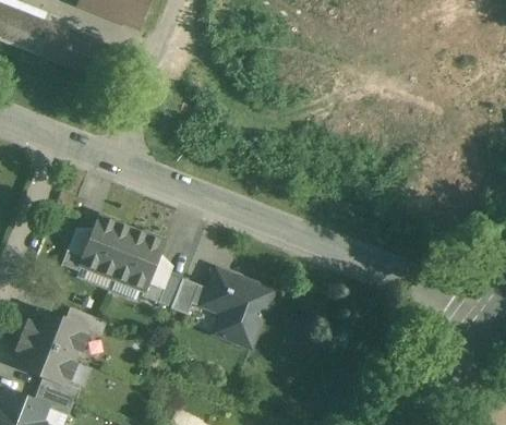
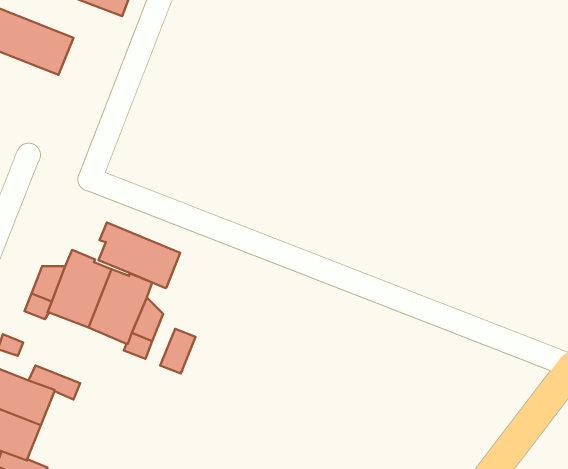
building: none -> [98,222,180,288]
building: [203,269,270,345] -> none

